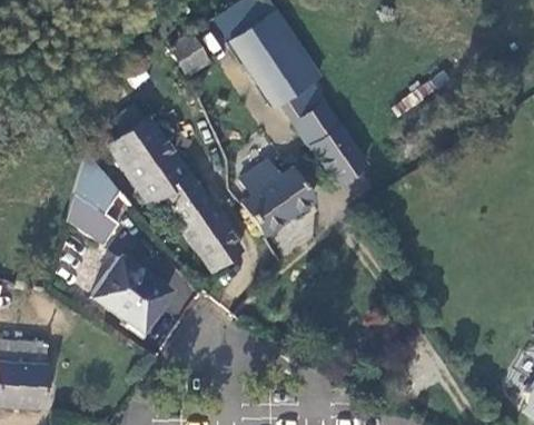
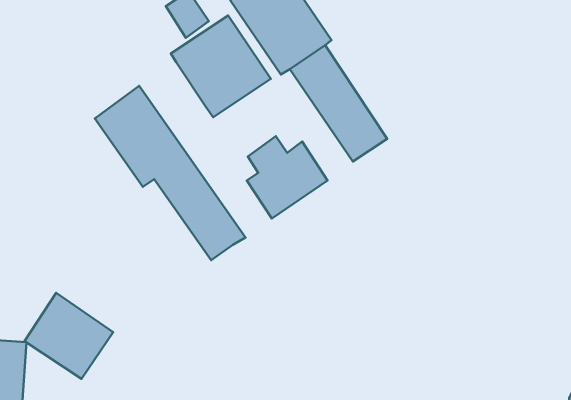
building: none -> [171,15,271,117]
building: [68,147,122,246] -> none
building: [93,255,171,330] -> [25,293,113,379]

